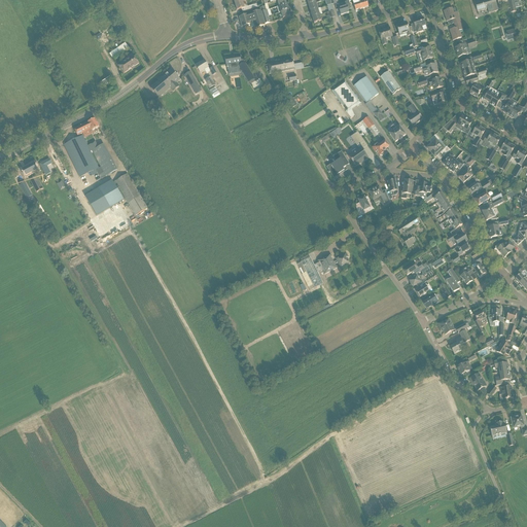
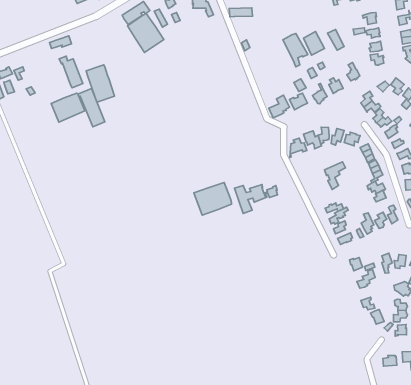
building: none -> [127,14,164,53]
building: [63,134,98,176] -> [86,65,114,102]
building: none -> [194,182,232,215]

